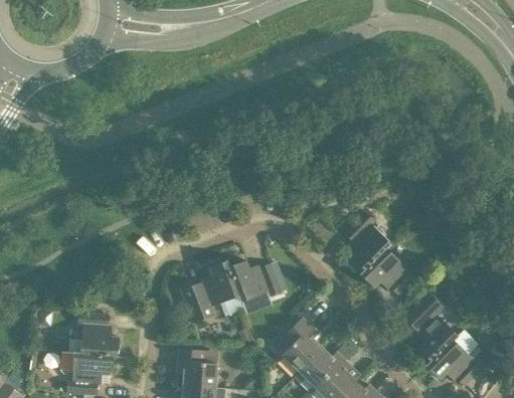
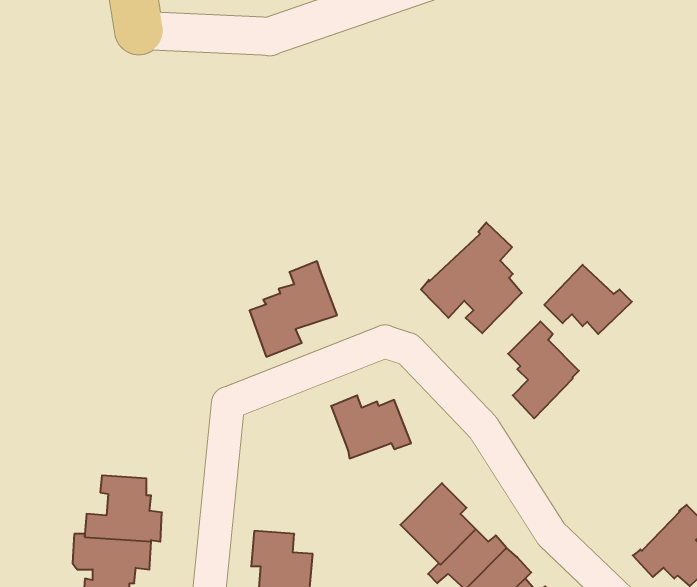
building: none -> [421,222,522,333]
building: [362,249,419,294] -> [544,265,632,334]
building: [183,261,240,324] -> [249,261,337,357]
building: [409,291,458,362] -> none

